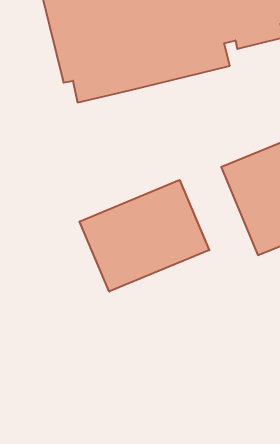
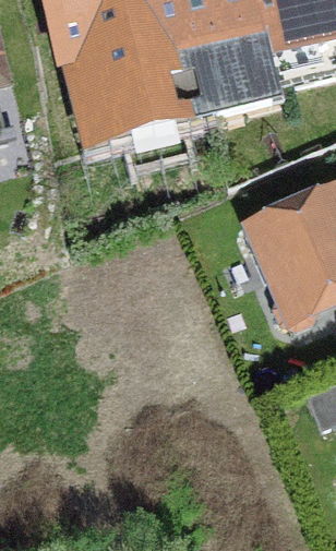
building: [80,180,209,292] -> none

